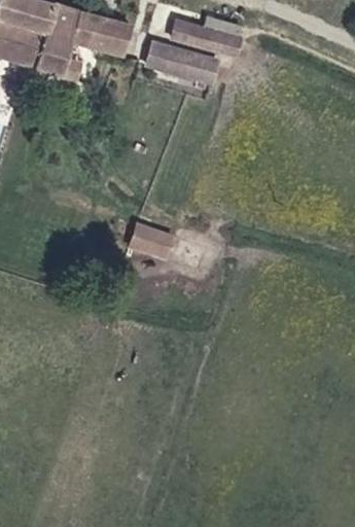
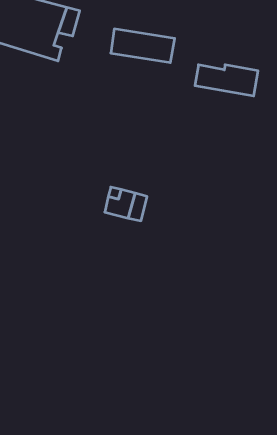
building: [164,15,239,52] -> [195,65,258,96]
building: [94,17,132,56] -> none

